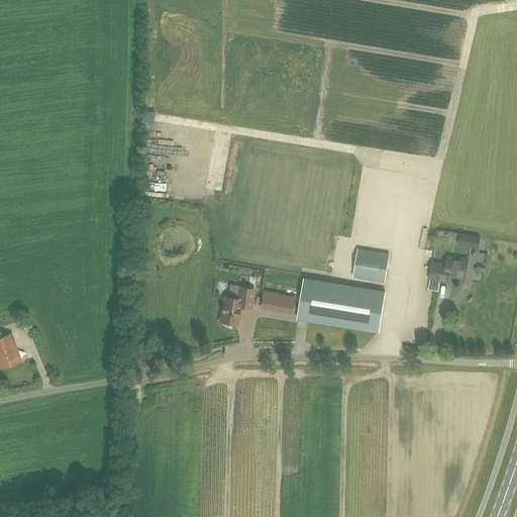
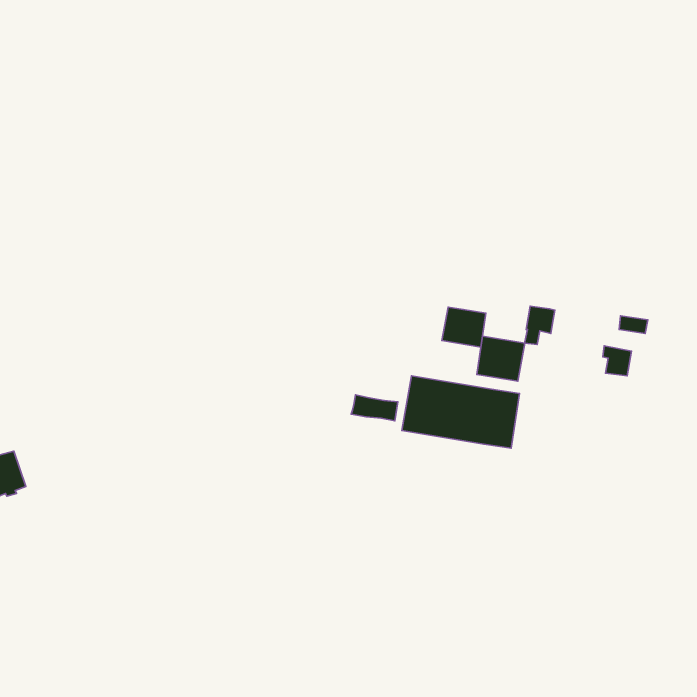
building: none -> [442,307,486,347]
building: [427,263,449,291] -> [525,306,555,344]
building: [219,286,252,328] -> none

